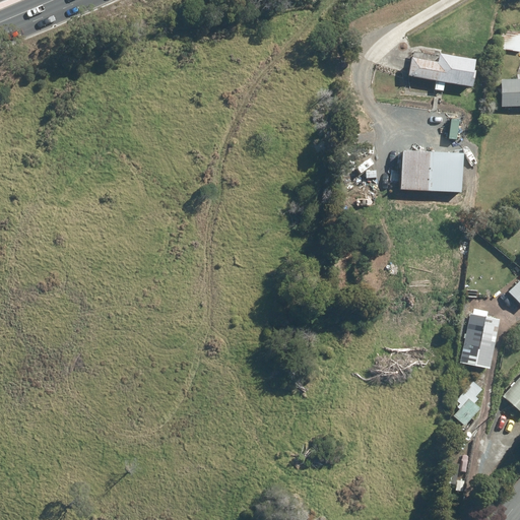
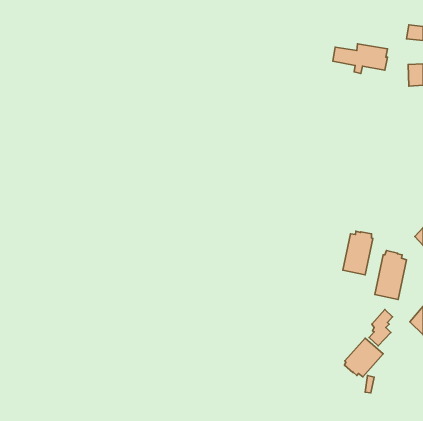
building: [400,151,463,192] -> none
building: none -> [343,231,373,275]
building: none -> [344,338,383,377]

